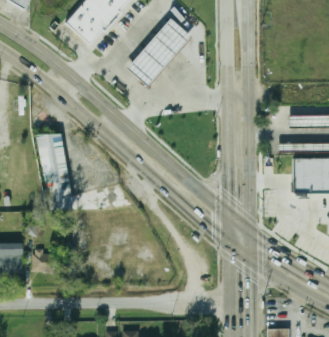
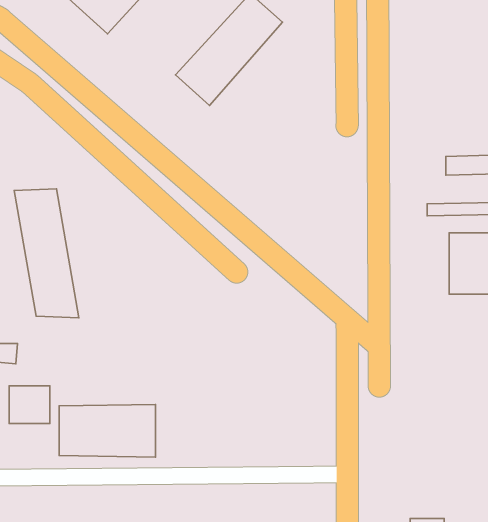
building: none -> [59,405,155,457]

